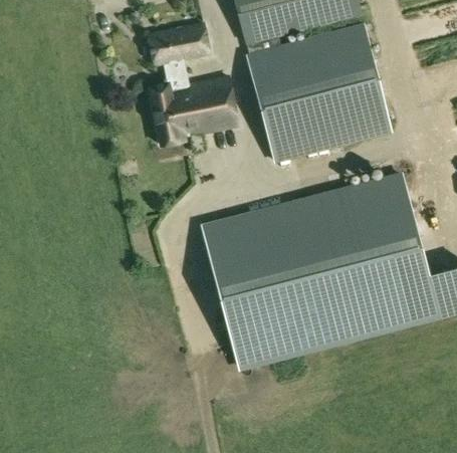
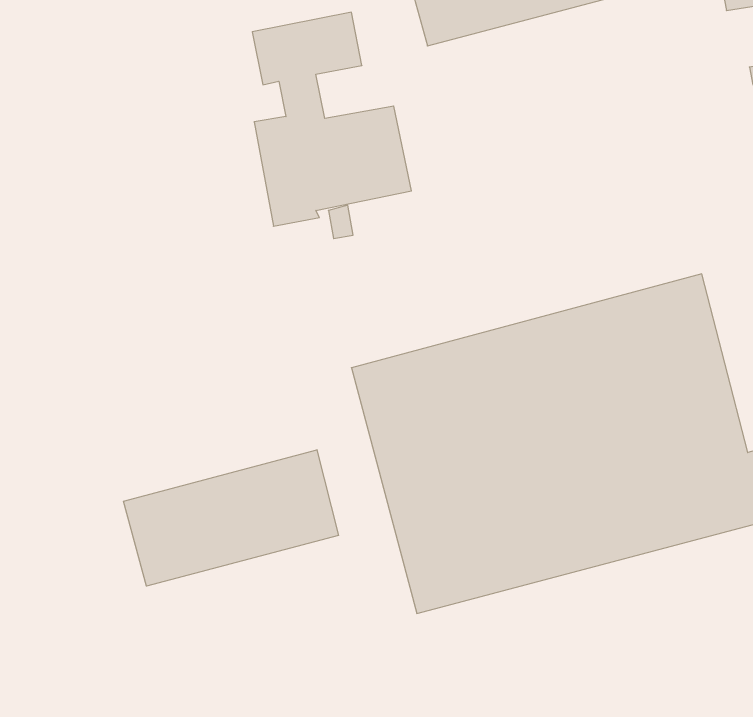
building: [246,26,391,162] -> none
building: none -> [123,450,338,586]

